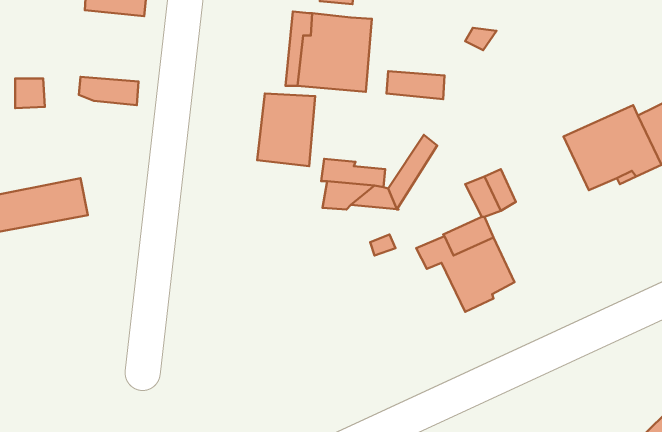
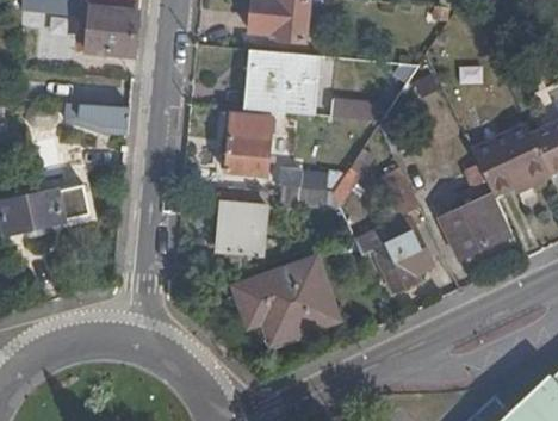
building: none -> [441,193,510,258]
building: none -> [222,199,267,253]
building: none -> [237,264,331,338]

